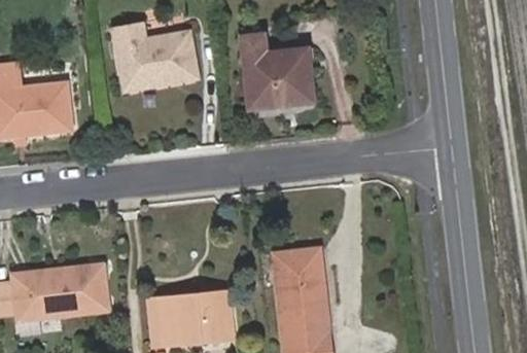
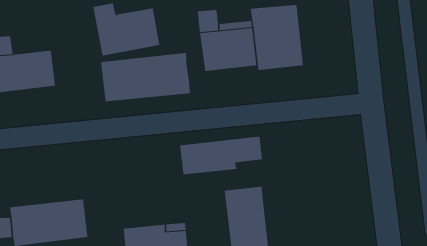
building: none -> [250,4,303,71]
building: none -> [101,52,190,102]
building: none -> [180,136,263,175]

